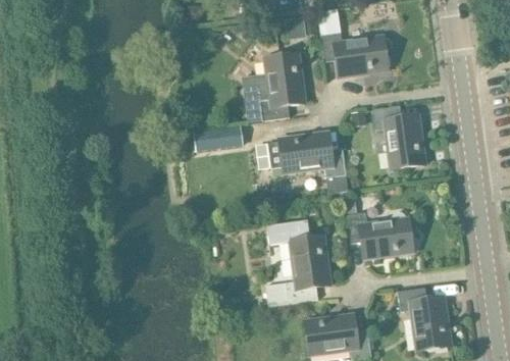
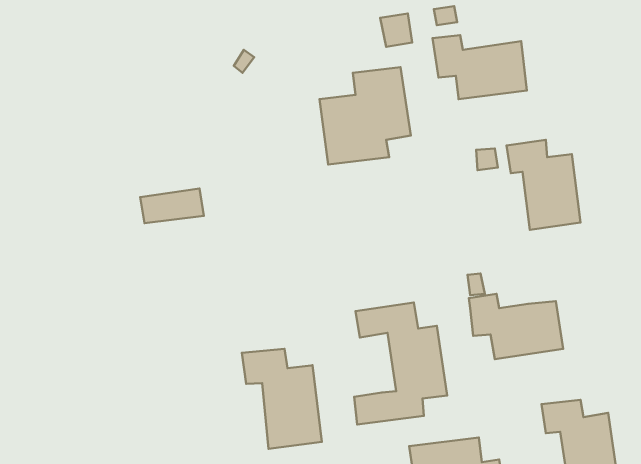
building: [196,126,241,151] -> [140,188,204,223]
building: [267,132,347,177] -> none
building: none -> [242,349,322,449]

